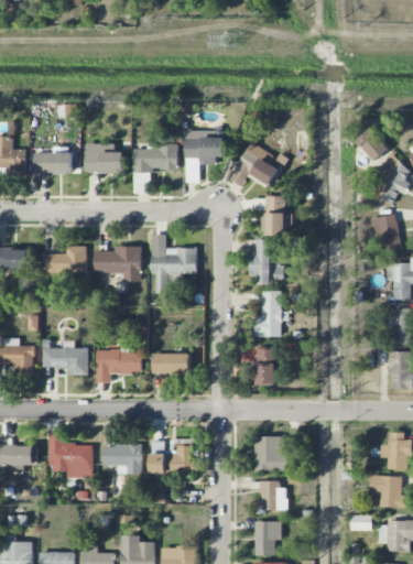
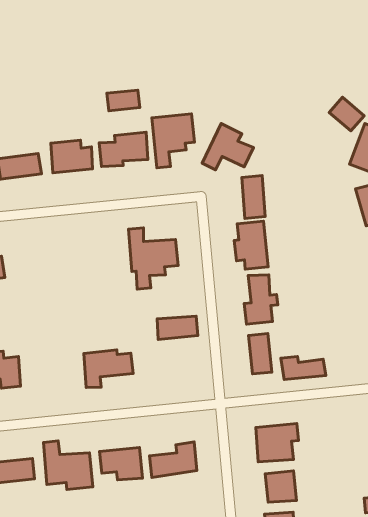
building: none -> [107,90,140,111]
building: [40,247,86,273] -> none
building: [94,247,141,282] -> none
building: [42,340,88,376] -> none
building: [152,354,191,373] -> [157,316,198,339]
building: none -> [281,357,326,380]

